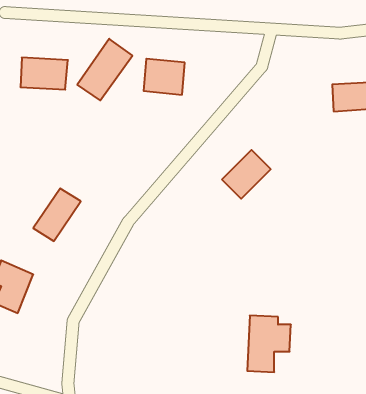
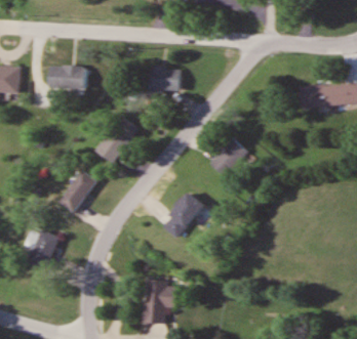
building: [77,39,132,100] -> [94,116,138,165]
building: none -> [164,193,202,236]
building: [247,316,291,372] -> [143,279,177,324]

